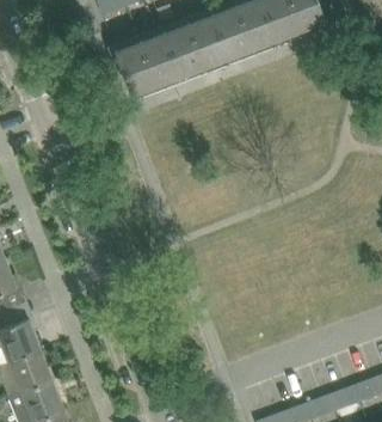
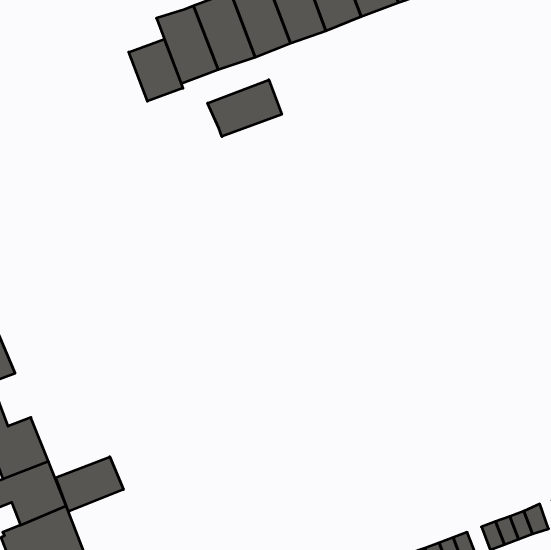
building: none -> [129,39,183,101]
building: none -> [208,80,282,137]
building: none -> [56,457,123,512]

